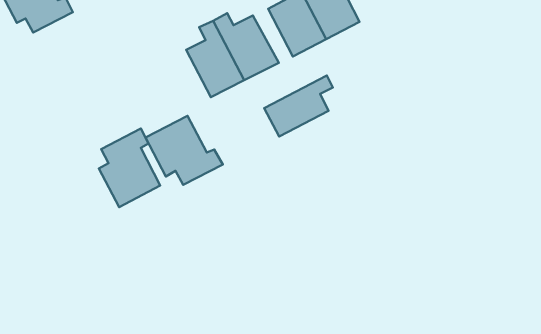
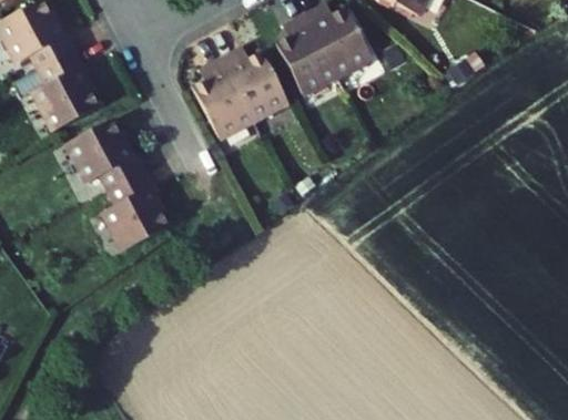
building: none -> [10,51,97,132]
building: [264,75,333,137] -> none
building: [145,116,223,185] -> [65,121,145,192]

